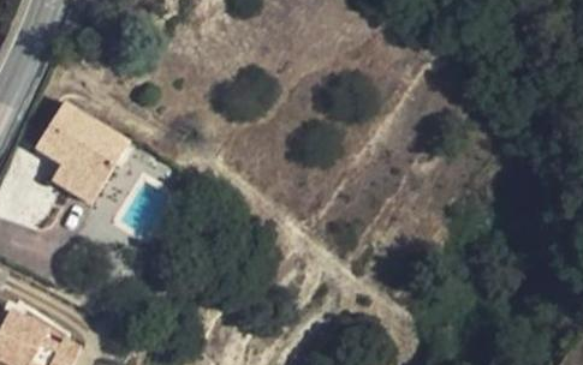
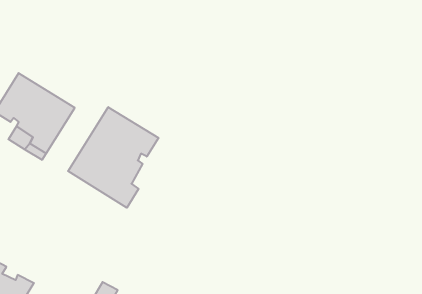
building: none -> [68,107,158,208]

